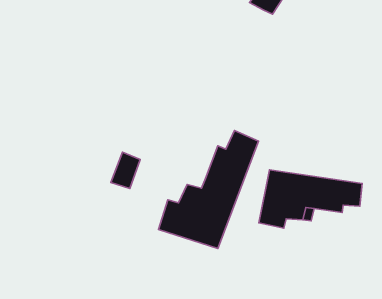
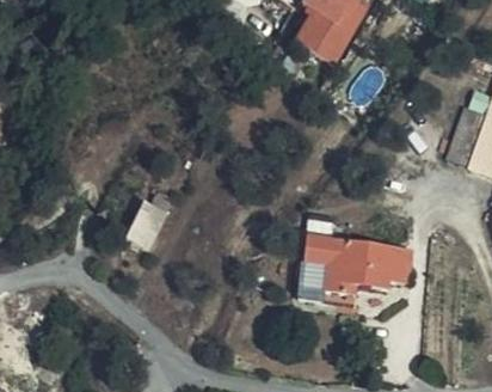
building: [158,130,259,249] -> none

